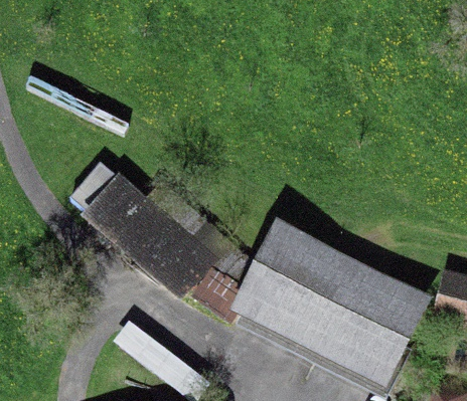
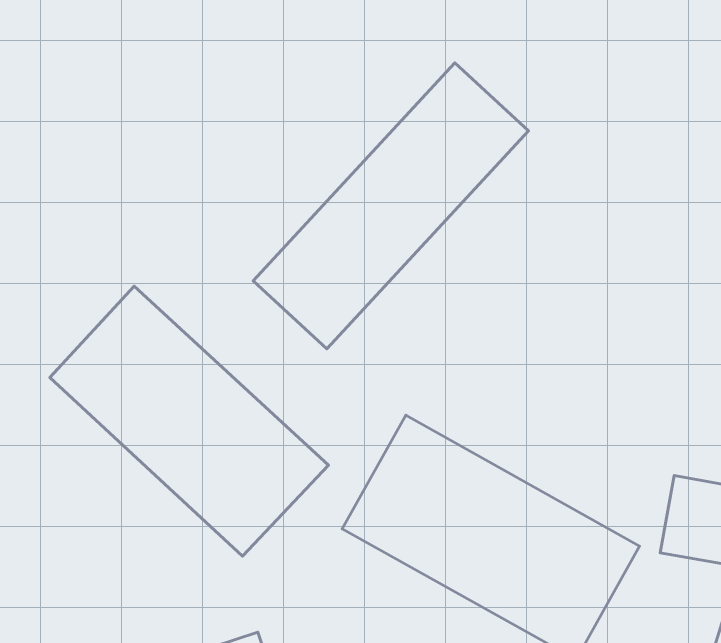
building: none -> [253,63,529,349]

